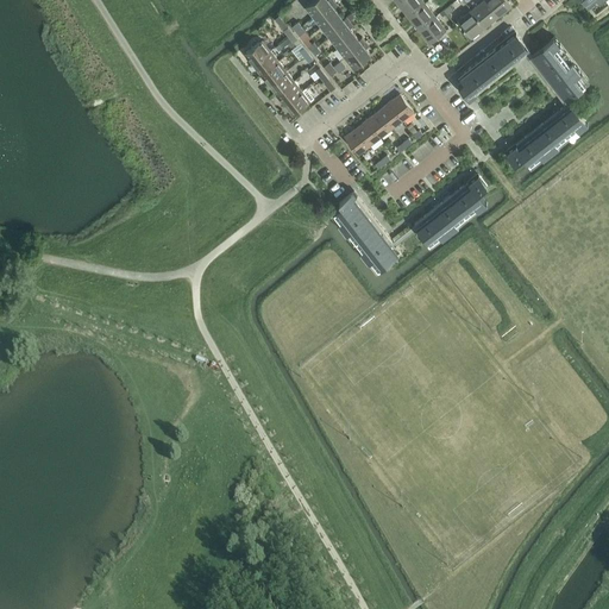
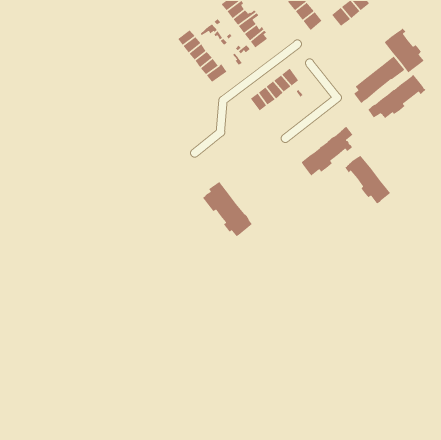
building: [458,34,529,101] -> [353,56,405,104]
building: [329,194,400,271] -> [202,181,253,237]
building: none -> [344,155,391,204]

